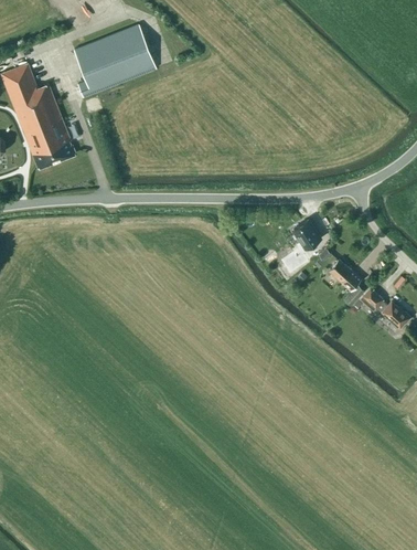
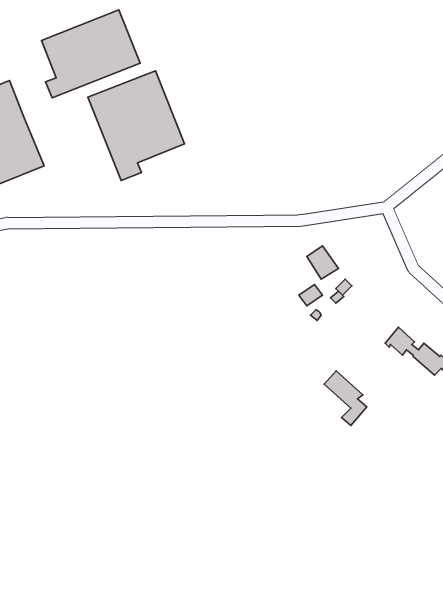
building: none -> [88,71,184,180]
building: [329,261,364,306] -> [324,371,367,425]

